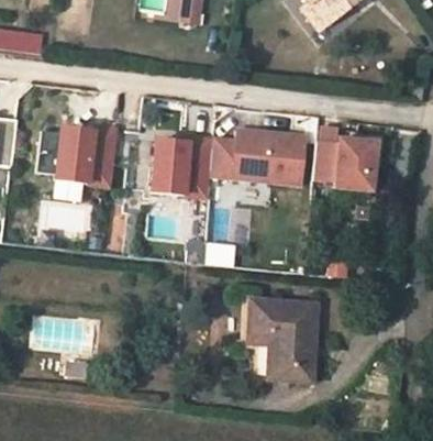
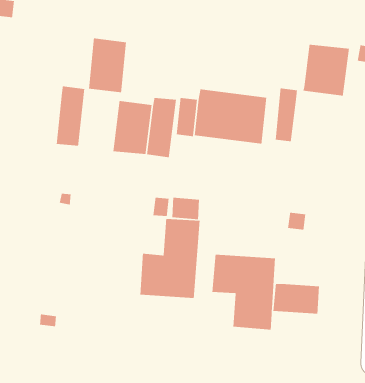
building: [51,126,91,185] -> [88,38,127,93]
building: [331,137,380,192] -> [302,44,350,97]
building: none -> [140,218,201,299]
building: none -> [273,283,320,315]

